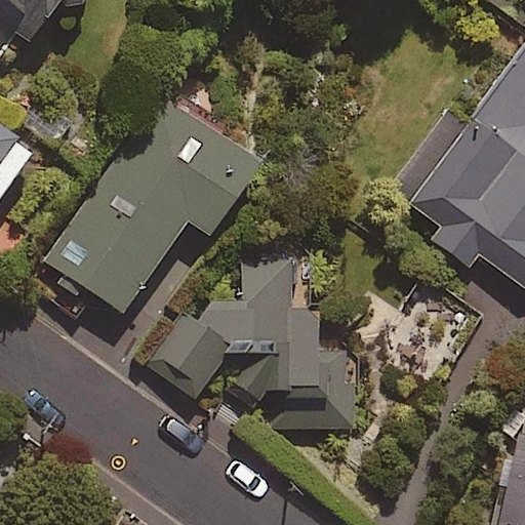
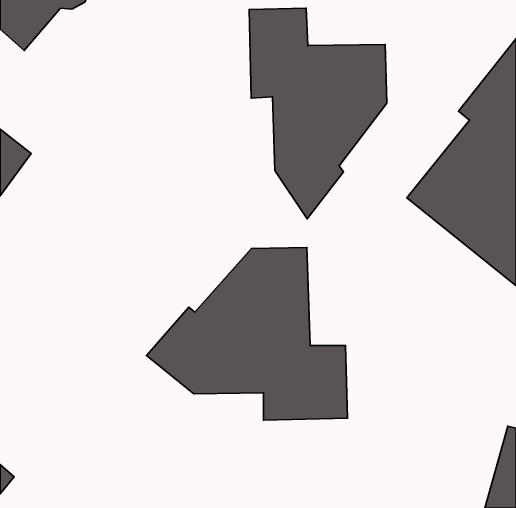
building: none -> [249,8,387,219]
building: [43,100,259,313] -> none

